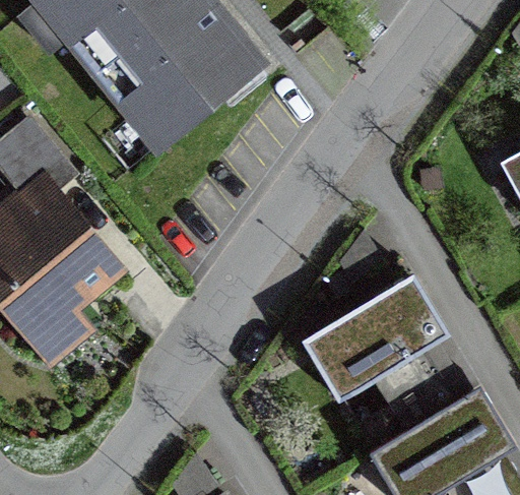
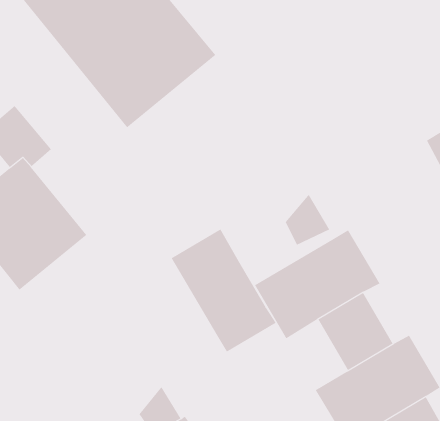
building: none -> [171,229,276,352]

